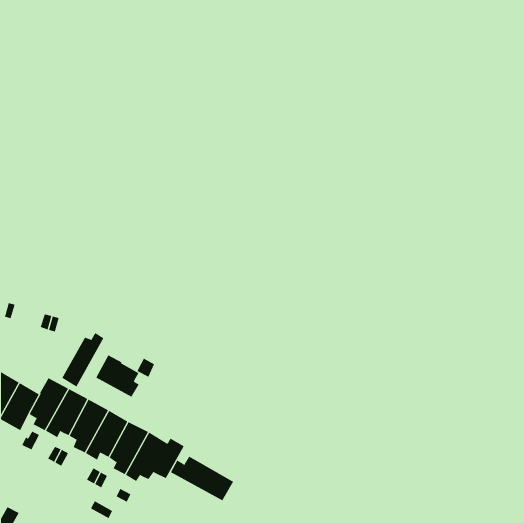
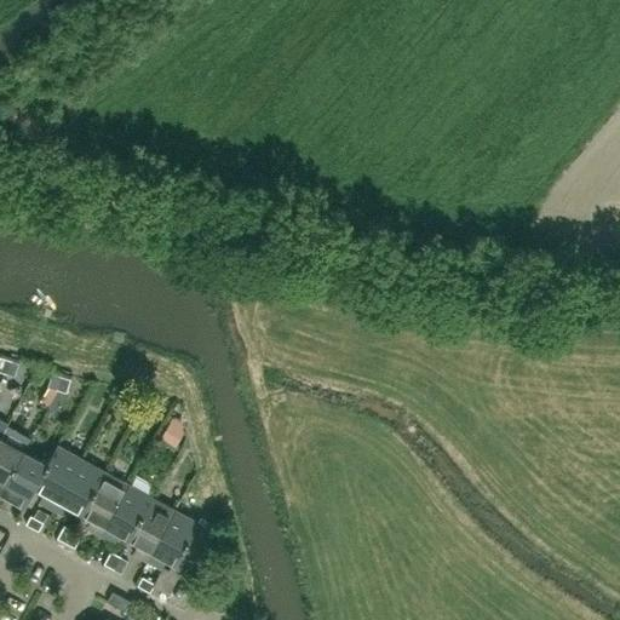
building: [62,332,104,388] -> none
building: [95,355,140,398] -> none
building: [170,456,234,501] -> none

